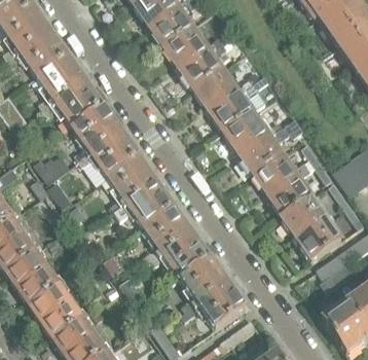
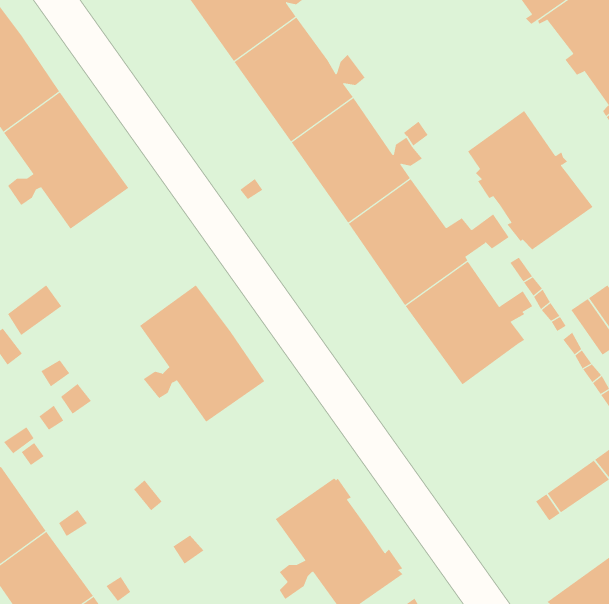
building: [73,105,140,177] -> none
building: [278,186,343,259] -> [467,110,593,250]
building: [144,206,211,278] -> none

